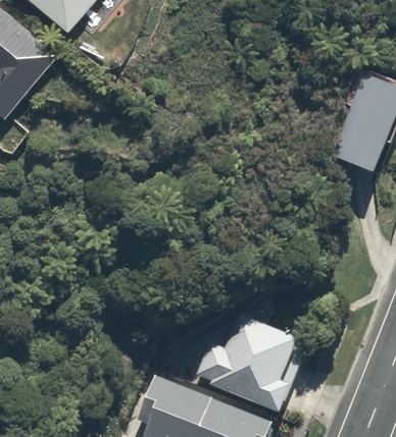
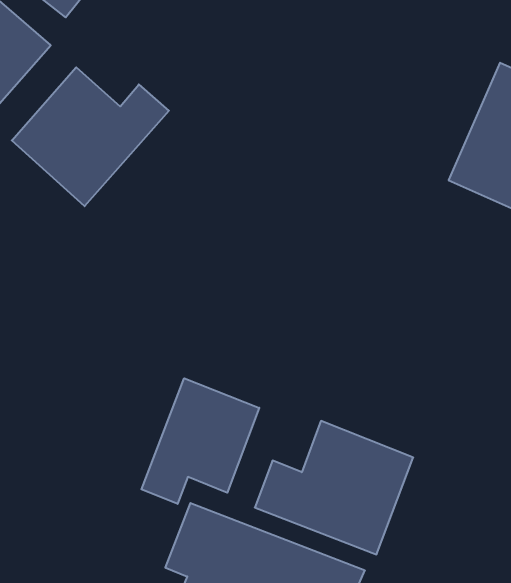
building: none -> [12,67,169,206]
building: none -> [141,378,259,504]

